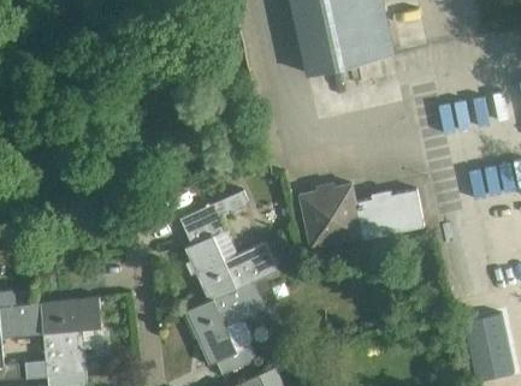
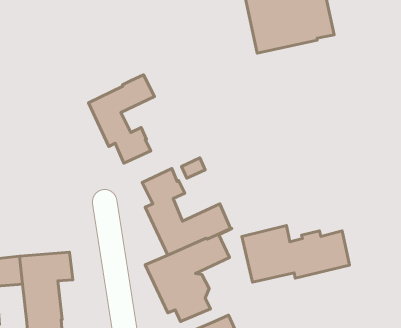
building: none -> [88,75,154,163]
building: [302,183,424,247] -> [242,226,350,282]

